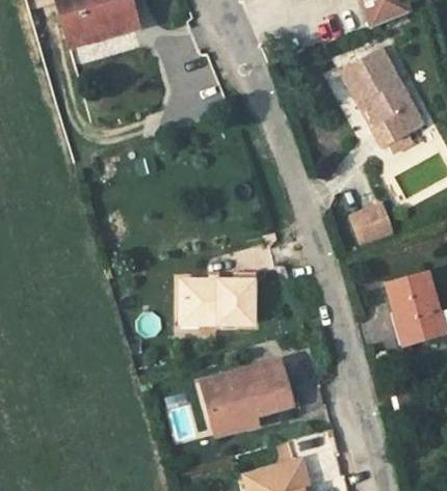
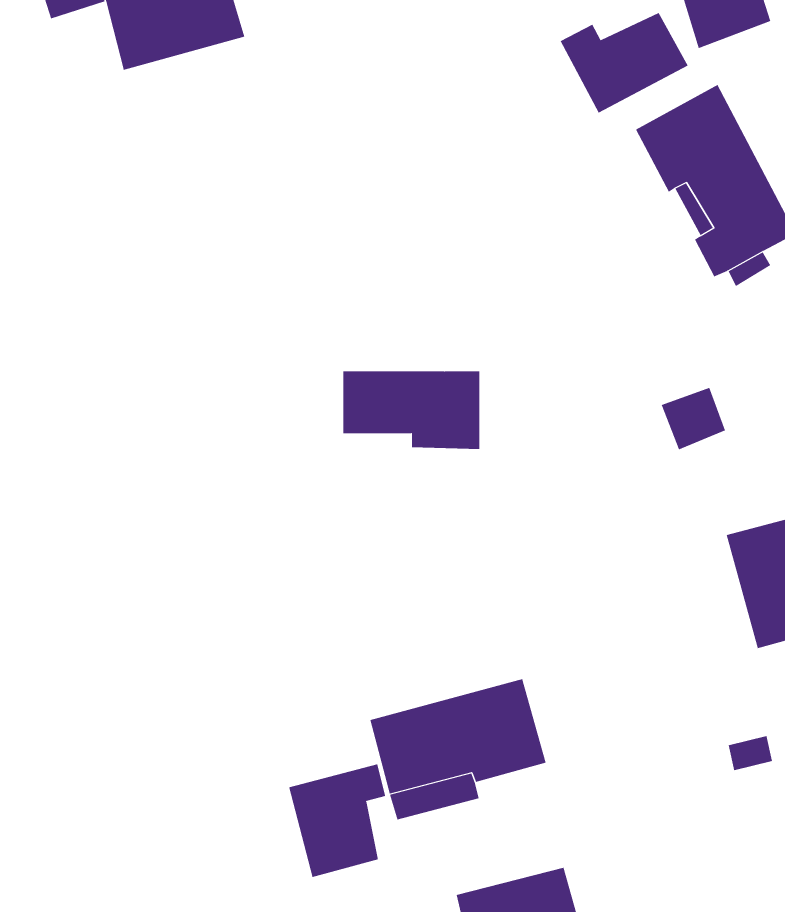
building: none -> [560,12,688,114]
building: [180,283,253,325] -> [342,371,480,450]
building: none -> [288,763,386,878]

